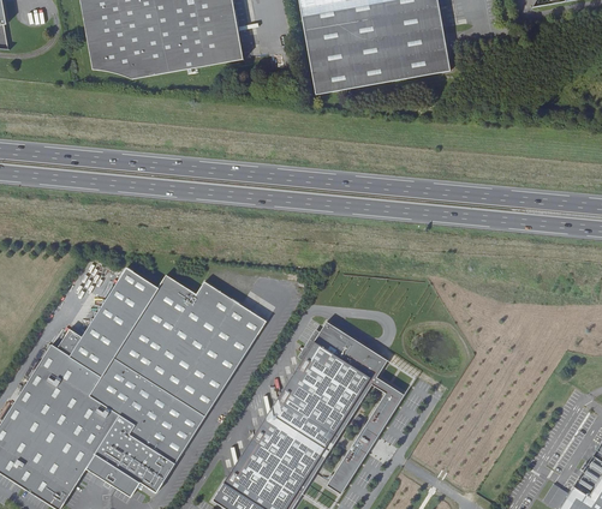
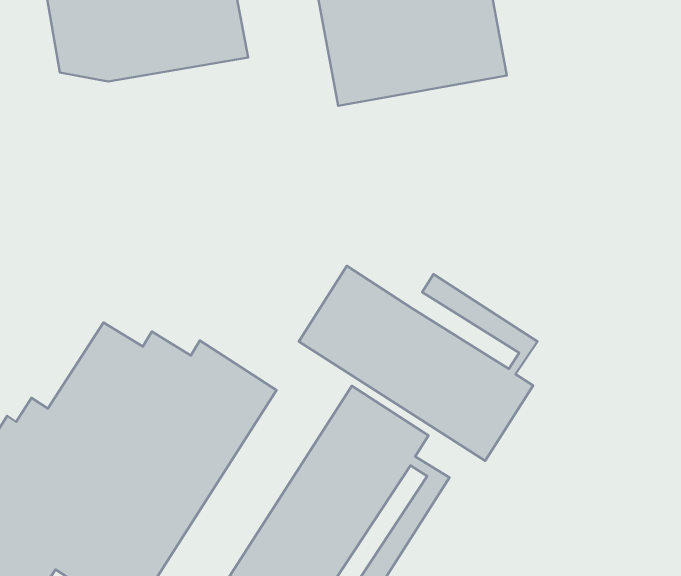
building: none -> [299,266,537,461]

